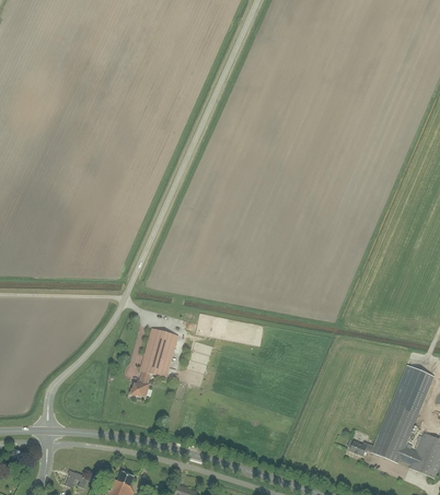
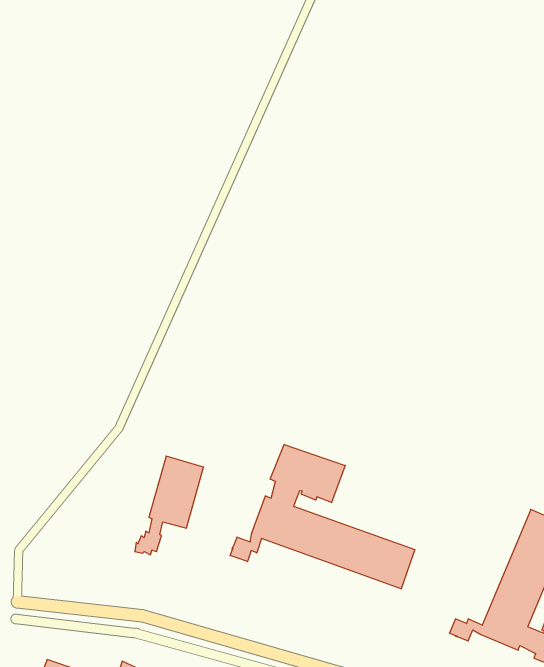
building: none -> [230,444,415,589]

